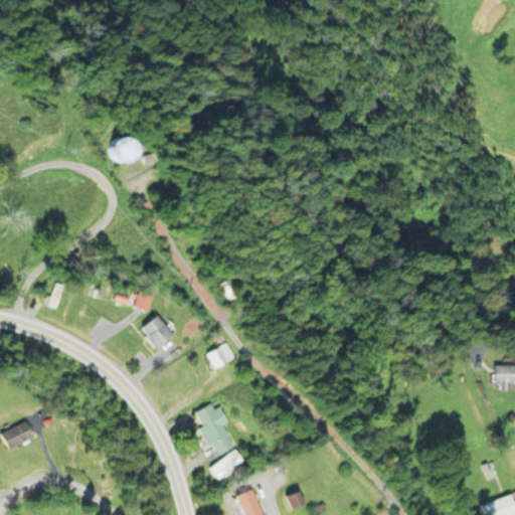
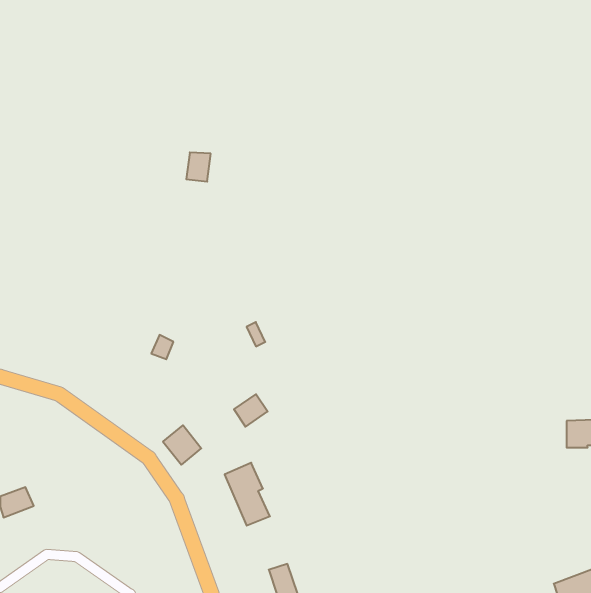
building: [112,136,133,161] -> [186,152,211,182]
building: [139,315,172,349] -> [163,425,201,465]
building: [210,451,246,481] -> none

